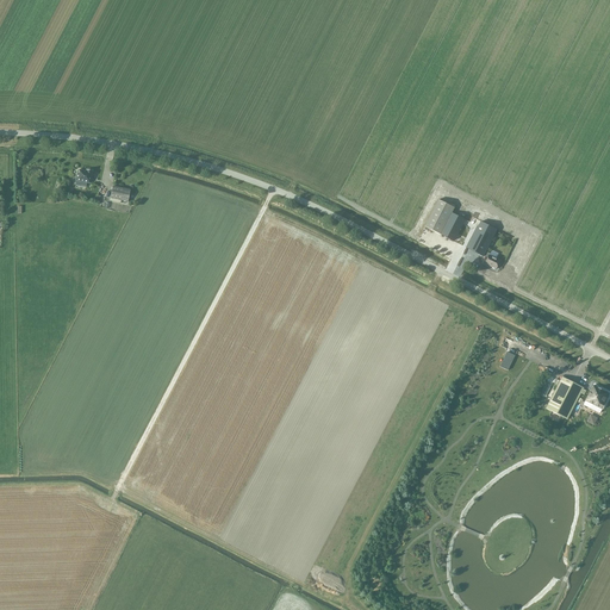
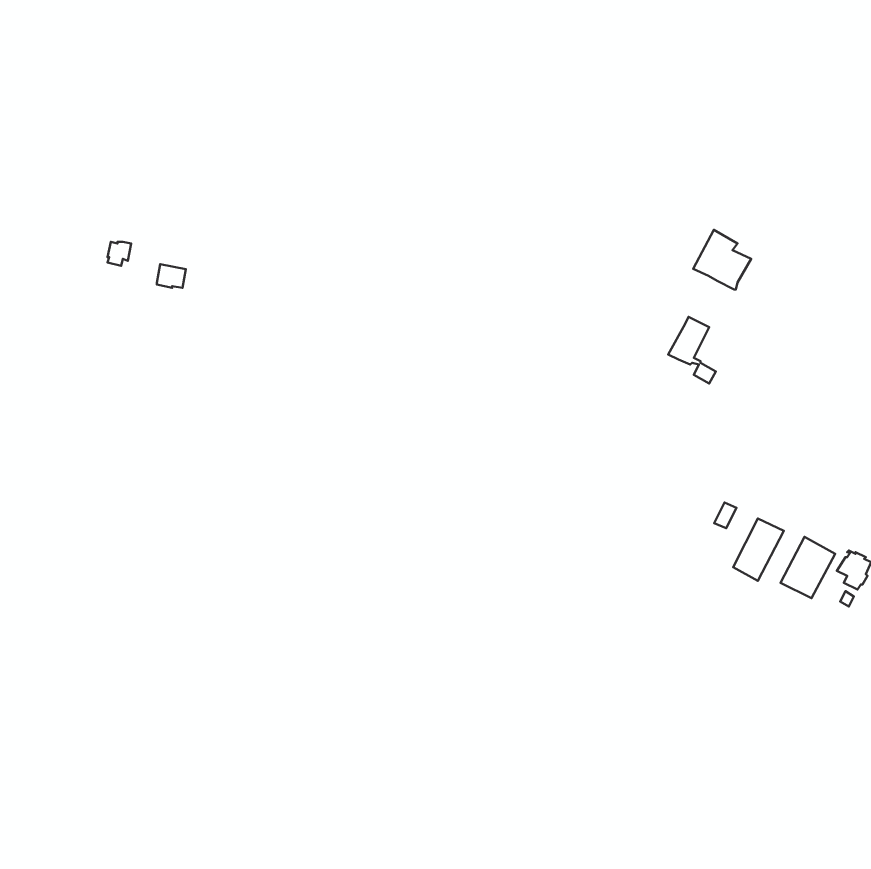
building: [424,198,465,239] -> [693,230,751,289]
building: none -> [733,519,784,581]

